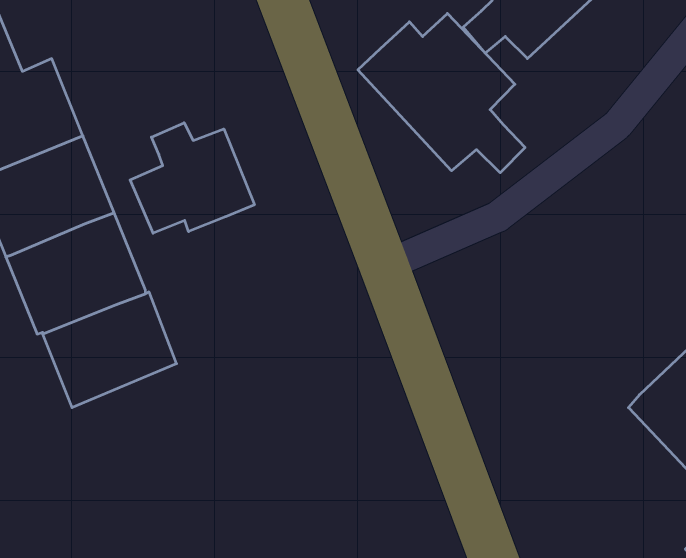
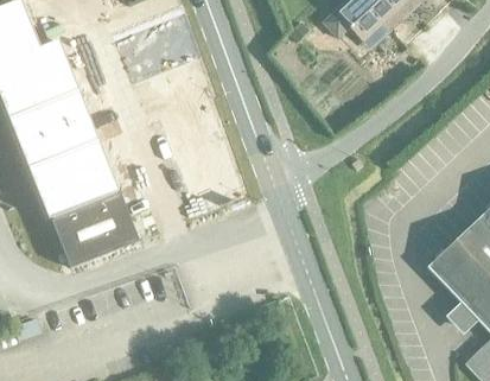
building: [358,13,525,173] -> none
building: [130,123,254,233] -> none

